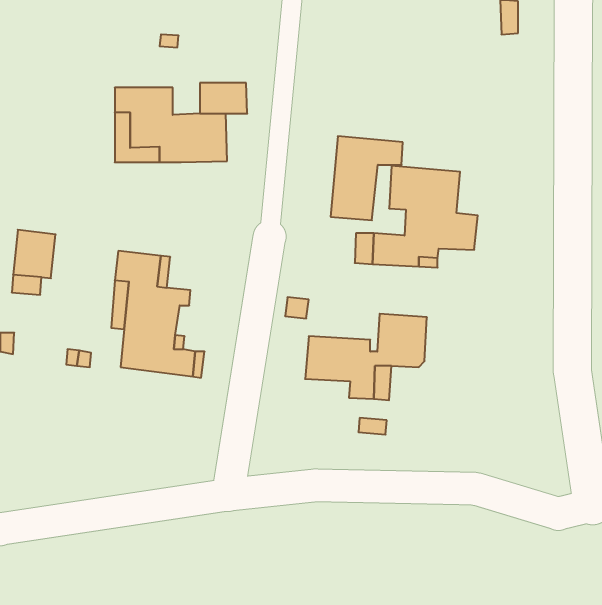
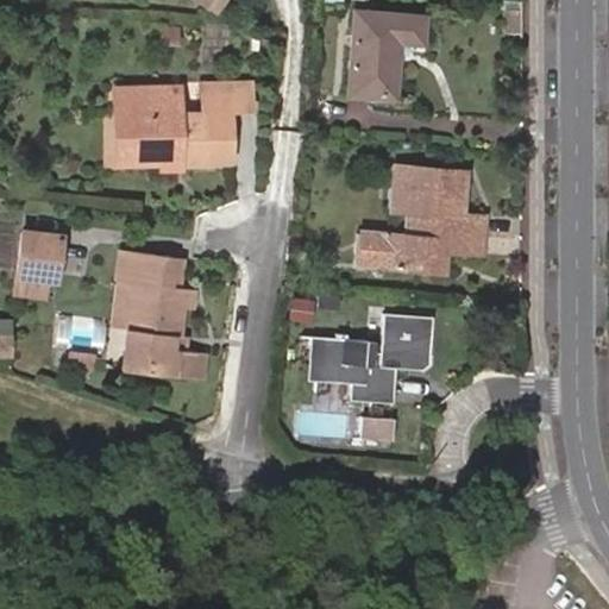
building: [331,136,403,220] -> [351,12,423,96]

